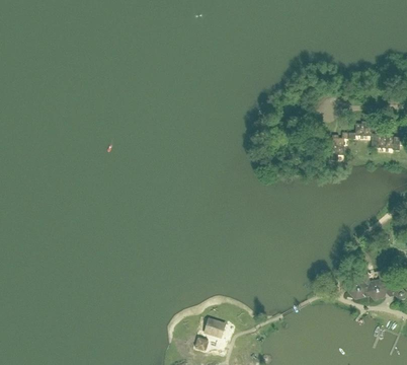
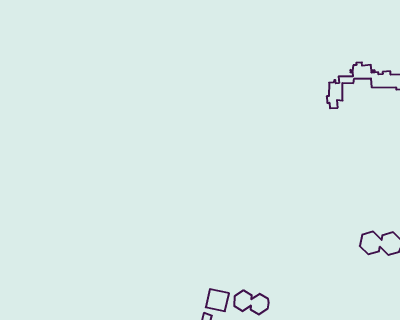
building: none -> [234,290,268,315]

